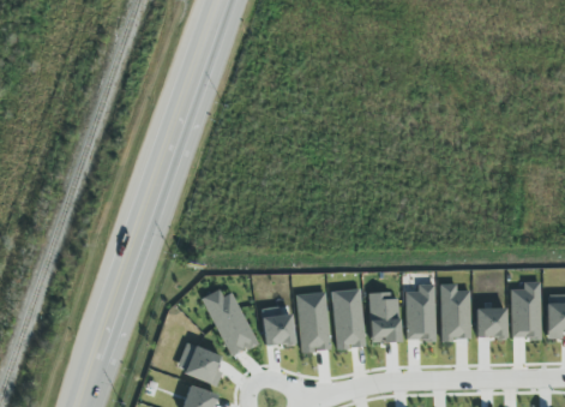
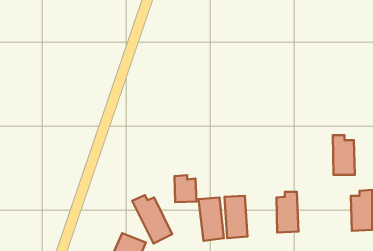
building: [440,283,471,340] -> [333,135,355,175]
building: [368,292,401,343] -> none
building: [263,307,294,346] -> [174,175,196,202]
building: [476,307,506,337] -> none

